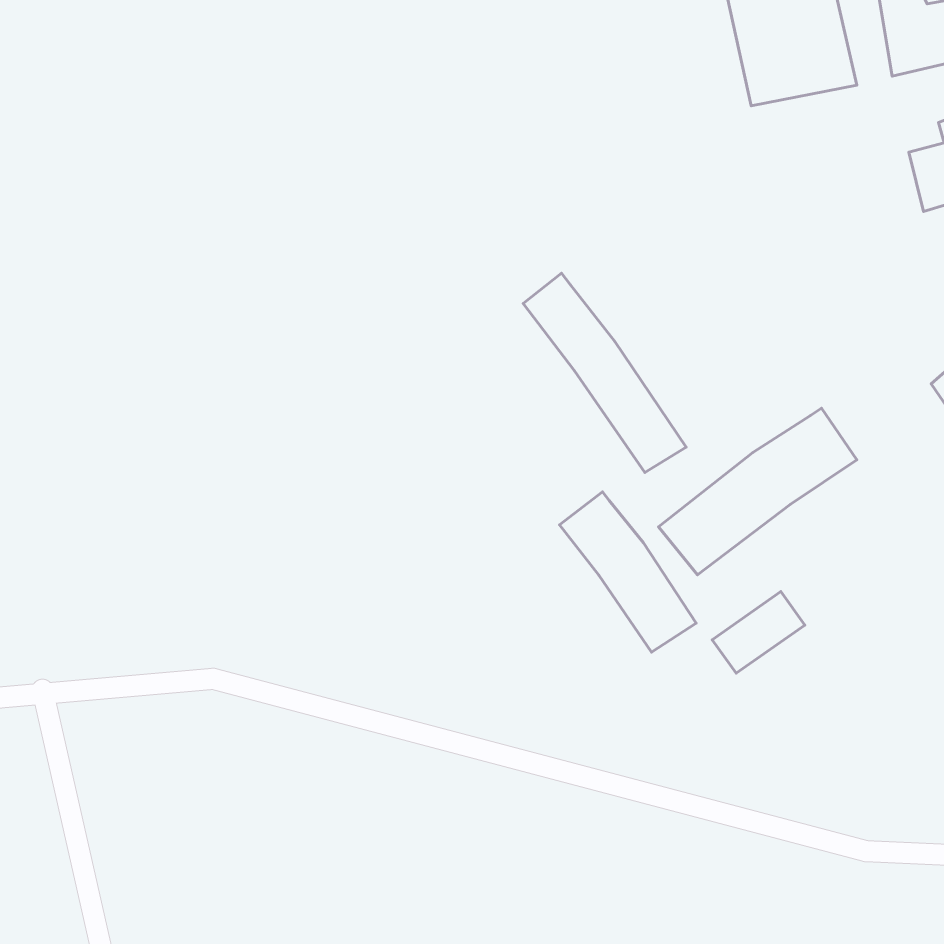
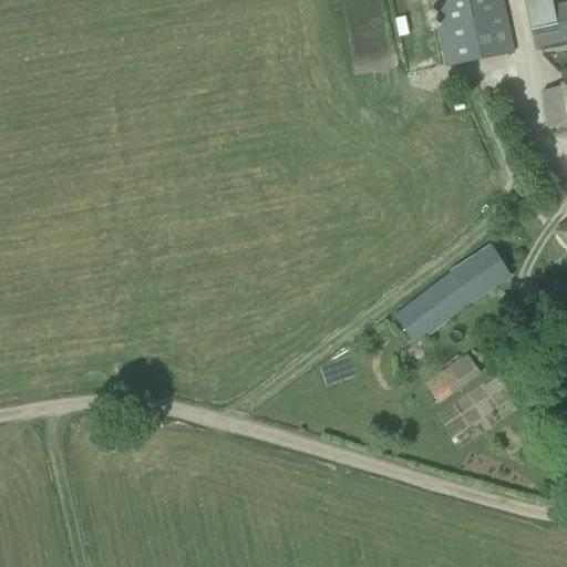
building: [523,273,686,472] -> none
building: [559,492,696,652] -> none

